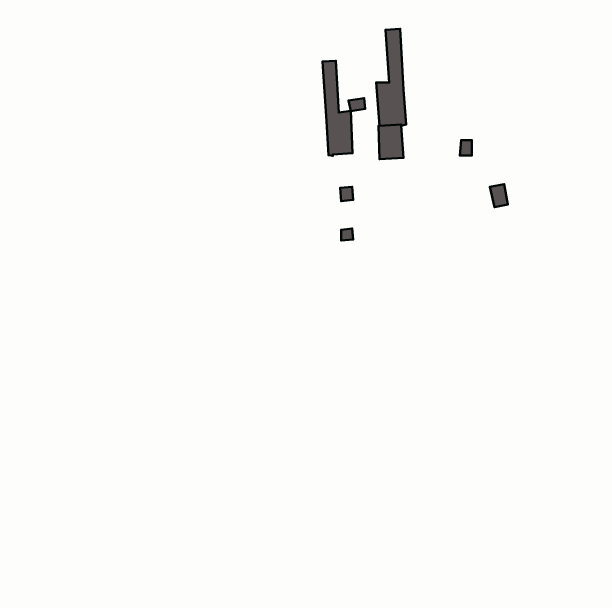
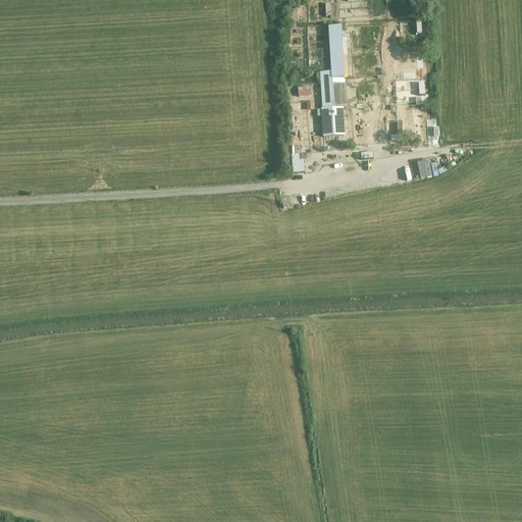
building: [323,61,353,156] -> none

